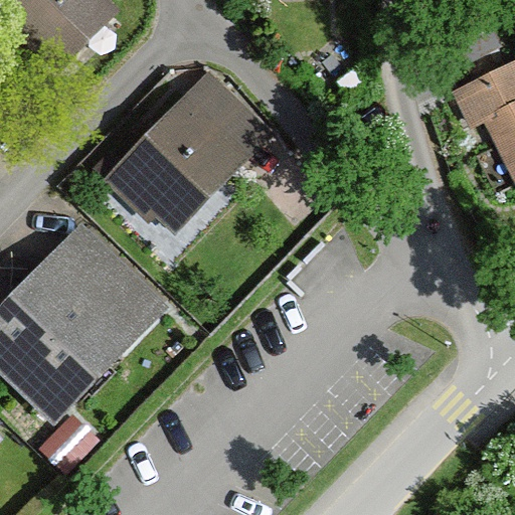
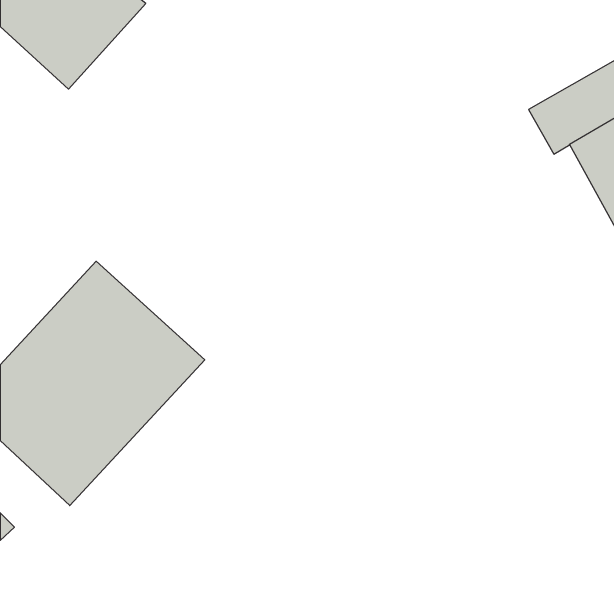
building: [109,72,269,235] -> none

